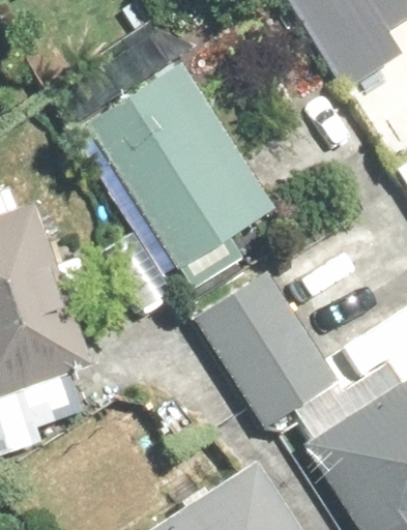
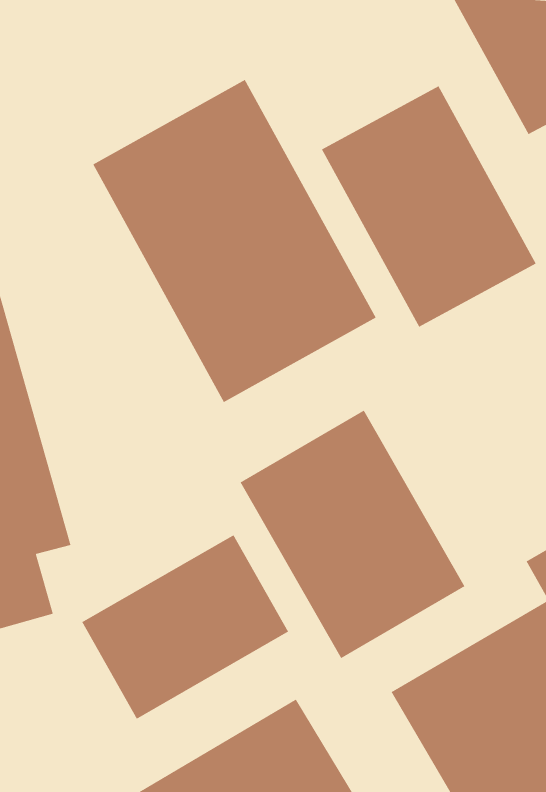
building: none -> [321,85,537,328]
building: none -> [81,534,289,720]

